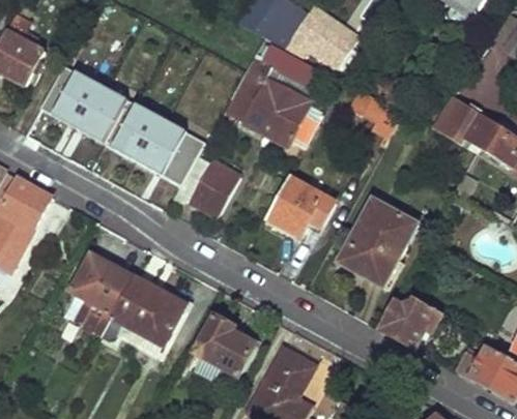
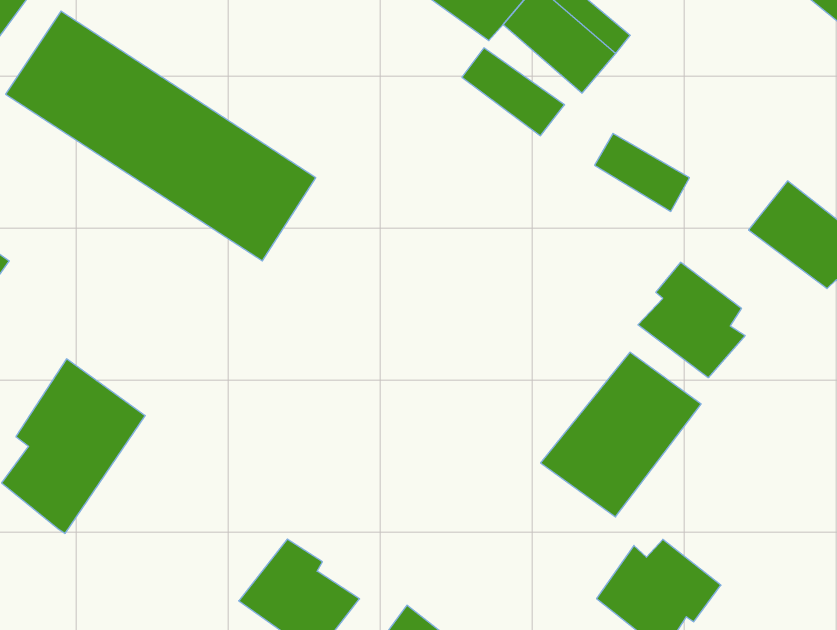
building: [231,77,311,148] -> none
building: none -> [638,262,745,378]
building: [191,162,240,217] -> none
building: [267,180,335,239] -> none
building: [99,266,188,352] -> none

